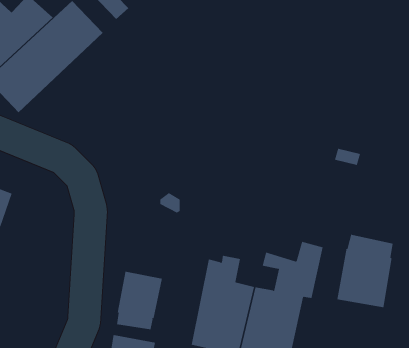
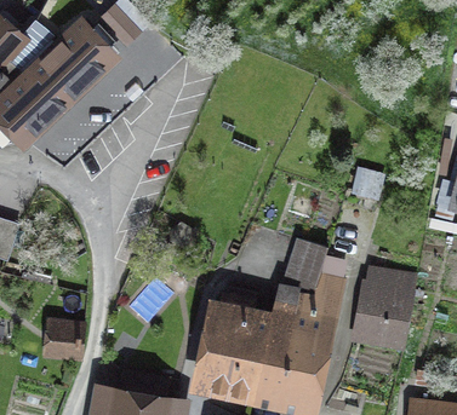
building: none -> [282,238,329,295]
building: [117,271,163,330] -> none
building: none -> [48,322,85,358]

